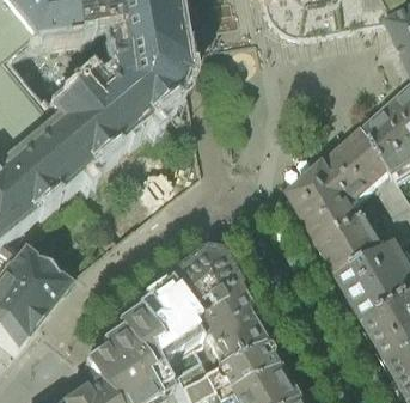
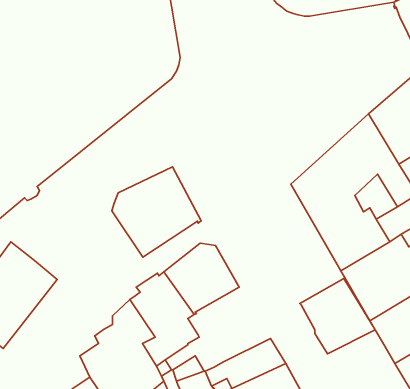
building: none -> [112,167,201,257]
building: [197,292,269,364] -> [300,278,375,354]

